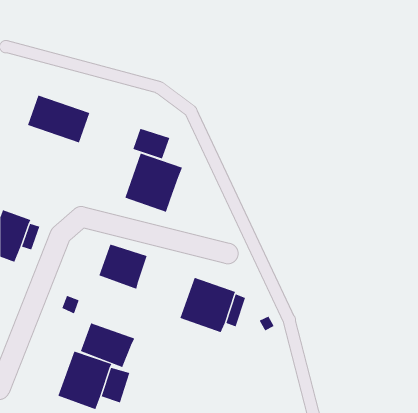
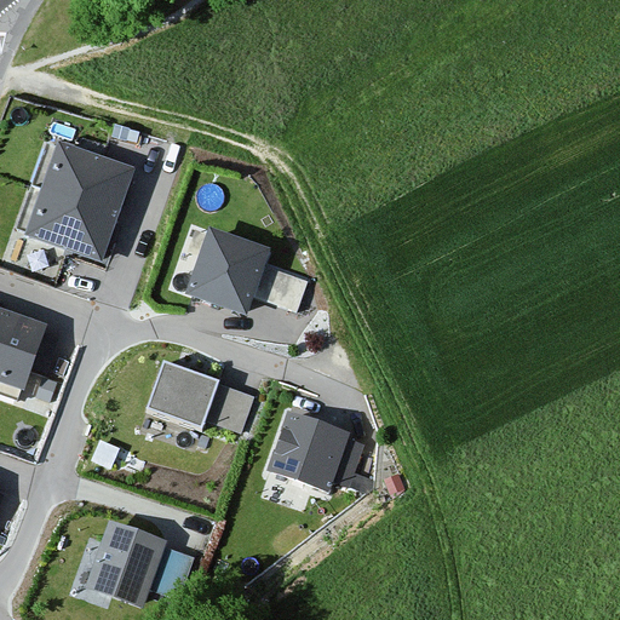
building: none -> [23,185,117,260]
building: [132,128,170,159] -> [253,263,309,309]
building: none -> [205,379,254,431]
building: [80,322,135,368] -> none

